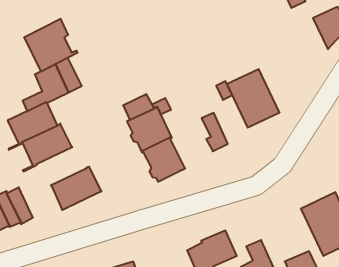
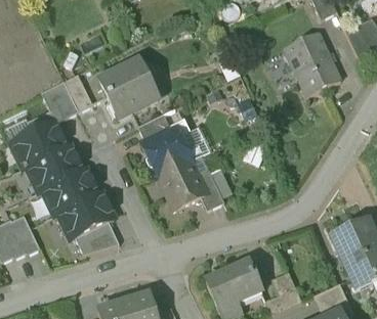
building: [24,19,78,71] -> [99,61,158,119]
building: [227,69,280,128] -> [283,33,340,96]
building: [202,113,228,151] -> [195,168,223,210]
building: none -> [43,169,97,221]
building: none -> [75,221,119,255]

